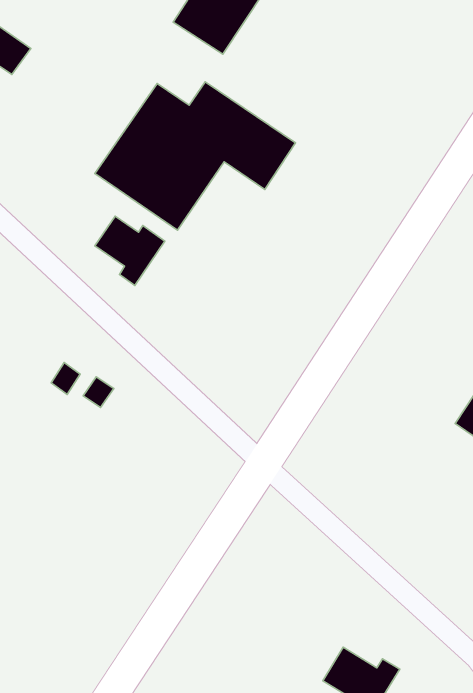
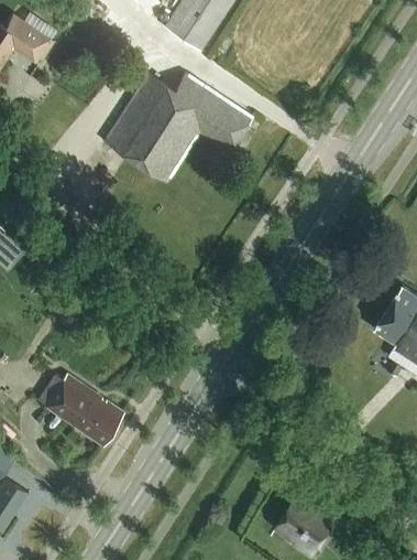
building: [95,216,165,285] -> none
building: none -> [37,371,125,445]

